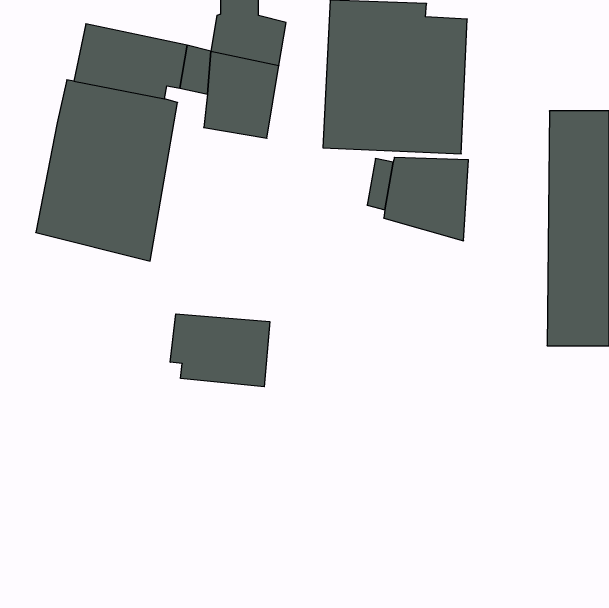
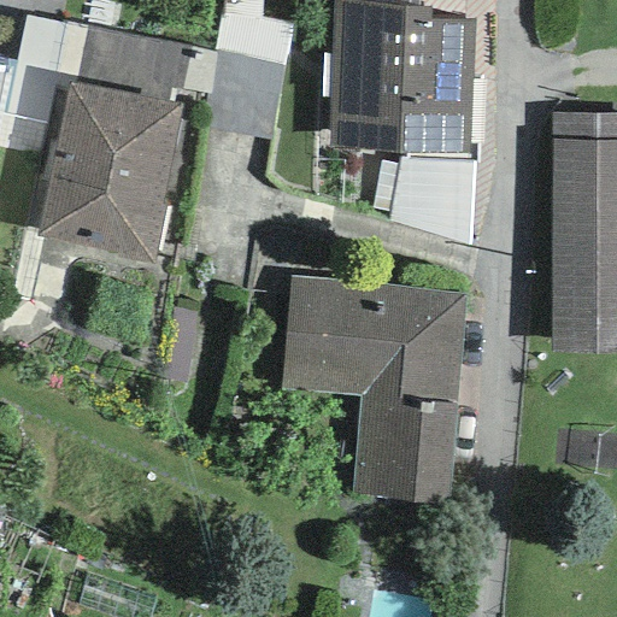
building: none -> [5,16,87,124]
building: none -> [281,277,466,501]
building: [170,314,270,387] -> none

